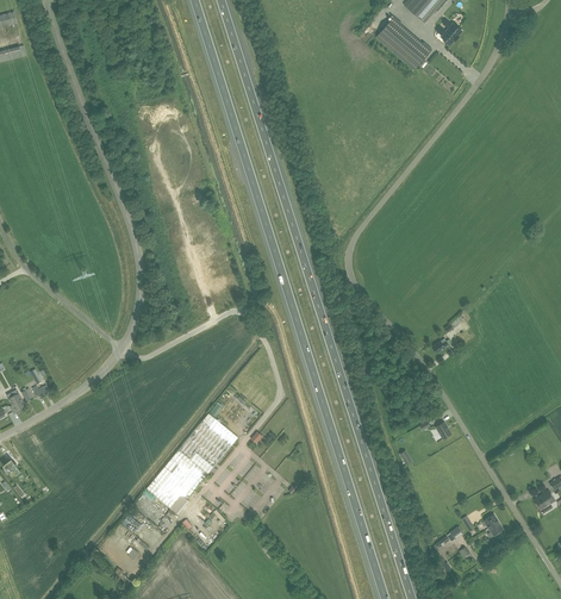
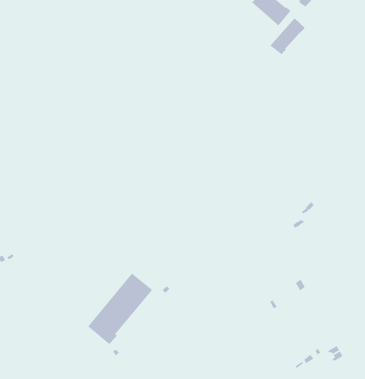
building: none -> [270,17,306,55]

